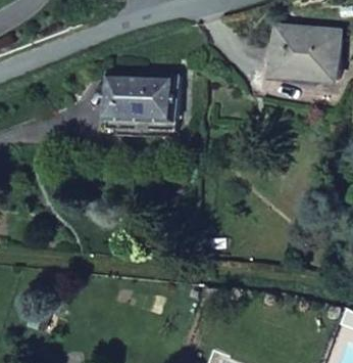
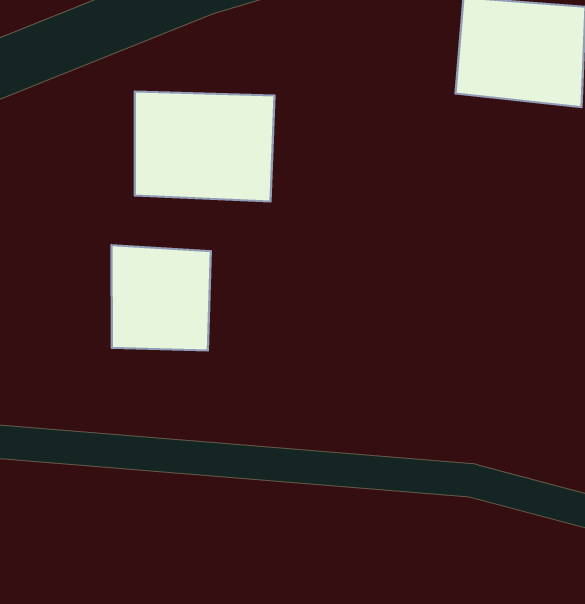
building: none -> [111,245,211,350]

